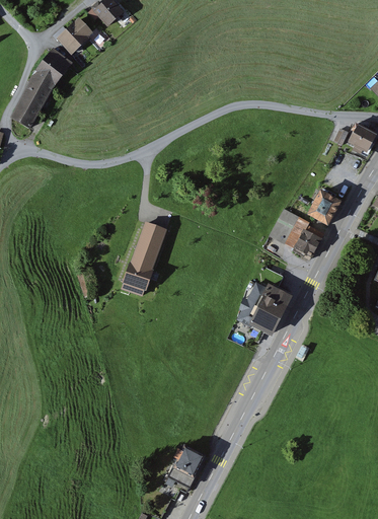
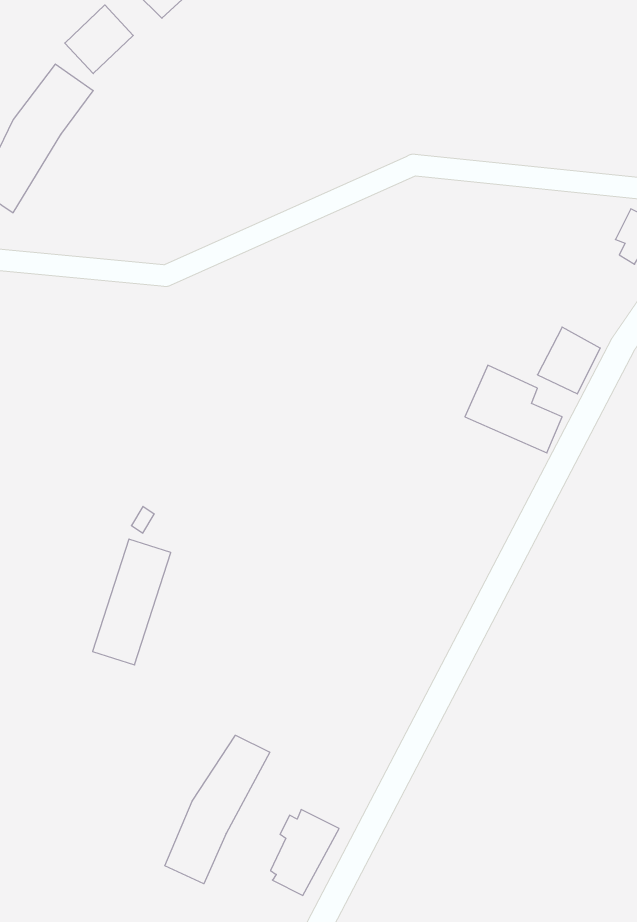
building: [126,221,167,288] -> [93,539,171,665]
building: [236,280,293,335] -> none
building: none -> [165,735,270,884]

